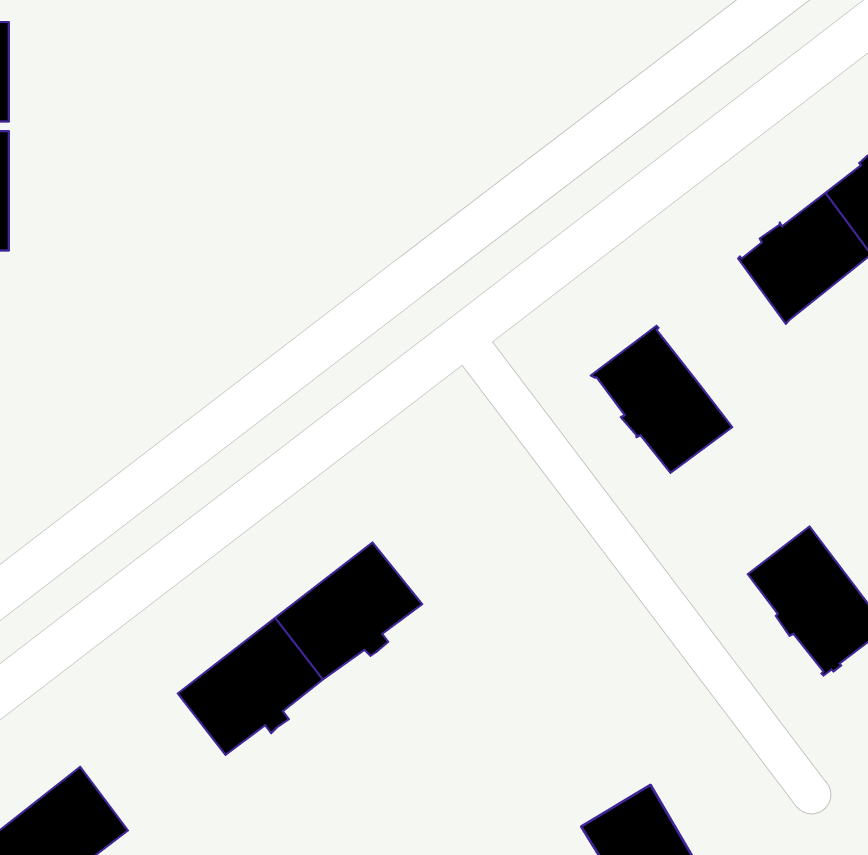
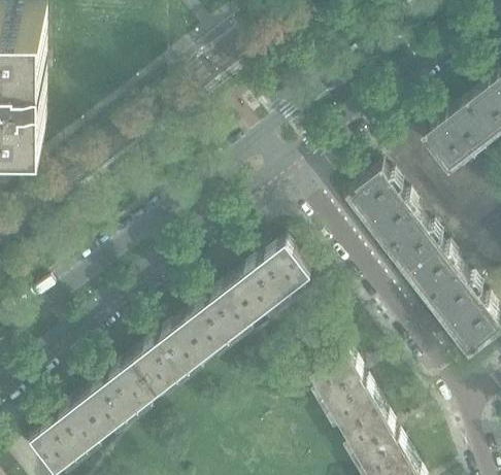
building: none -> [388,226,460,302]
building: none -> [233,246,308,317]
building: none -> [308,355,377,433]
building: none -> [81,364,157,435]

